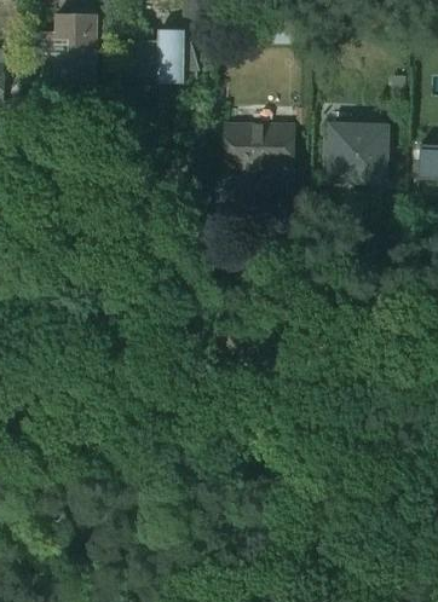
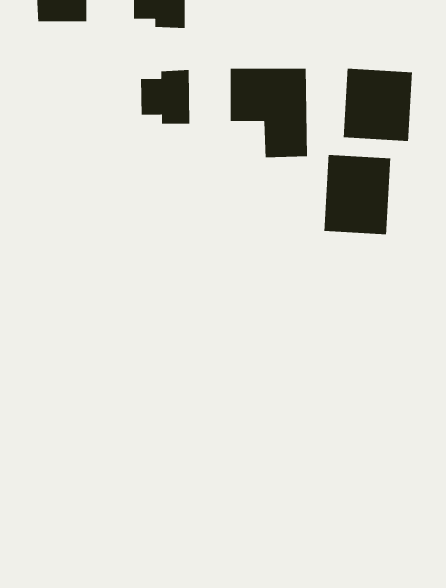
building: none -> [140,69,190,125]
building: none -> [324,154,391,235]

